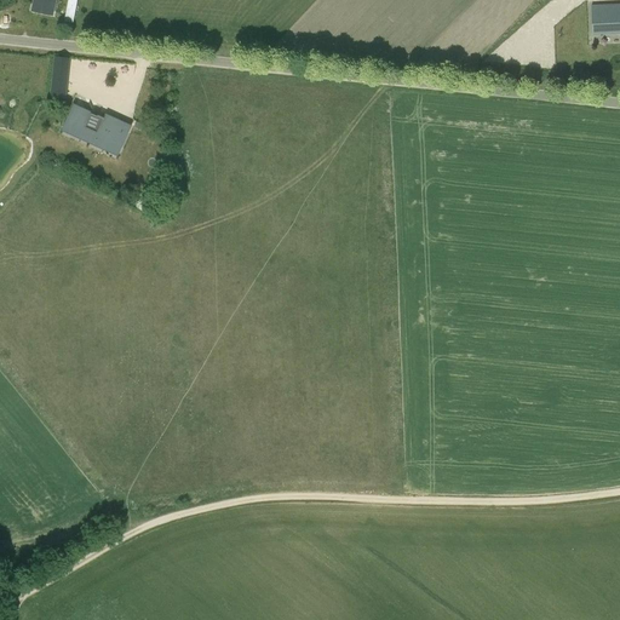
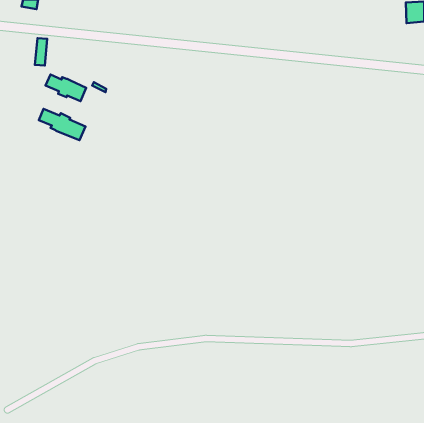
building: none -> [39,109,85,140]

